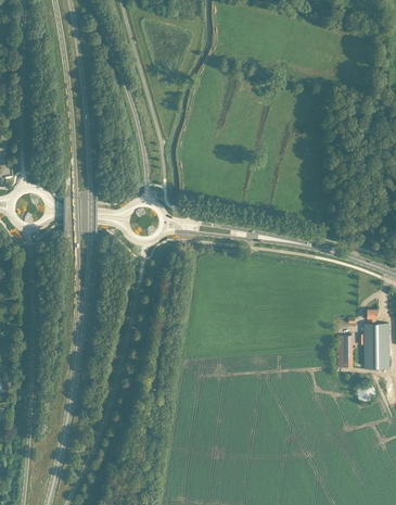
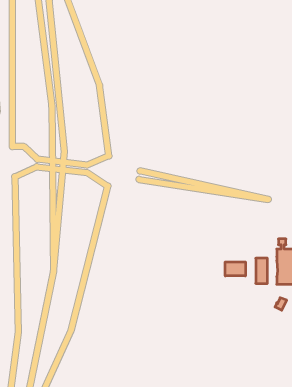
building: none -> [225,262,245,276]

